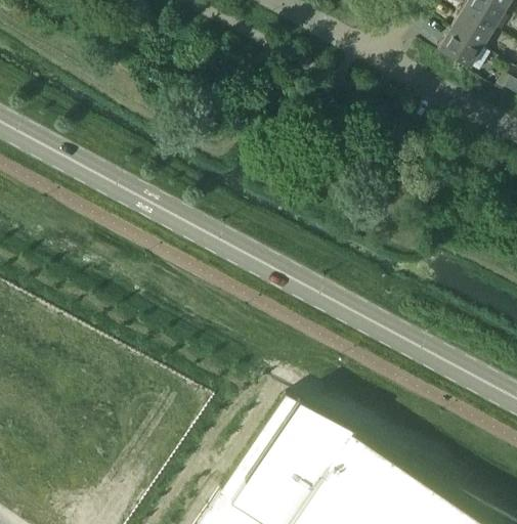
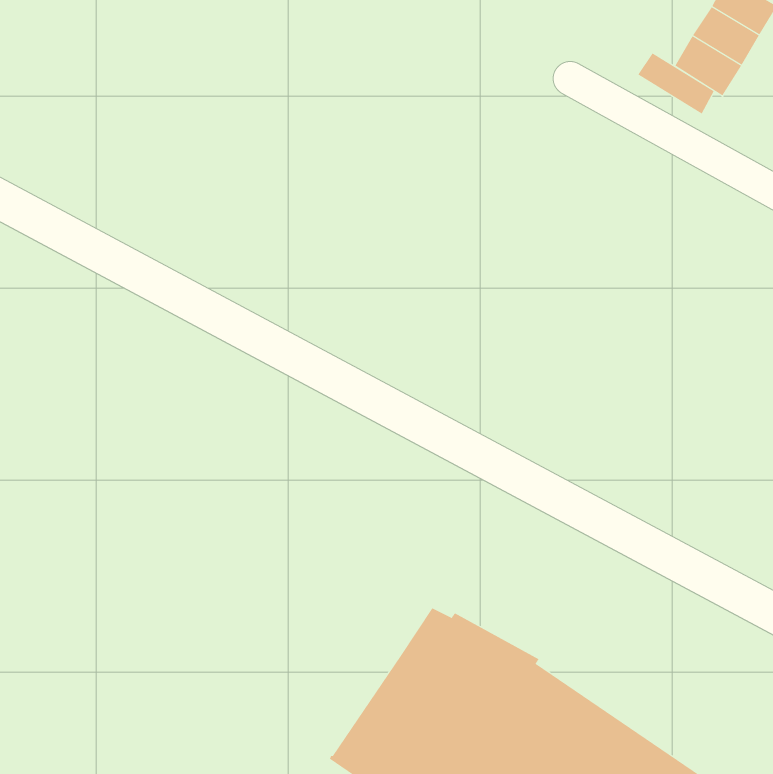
building: none -> [637,52,714,115]

